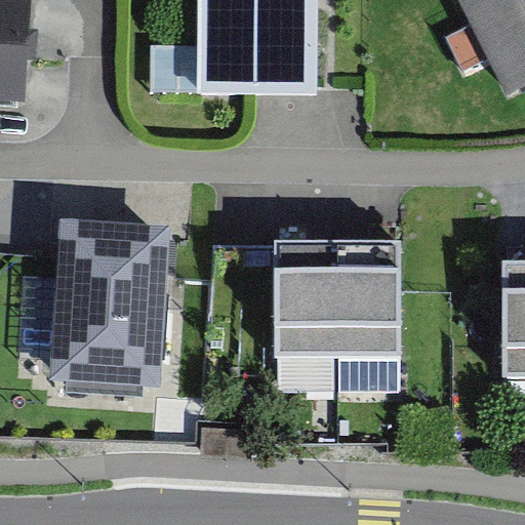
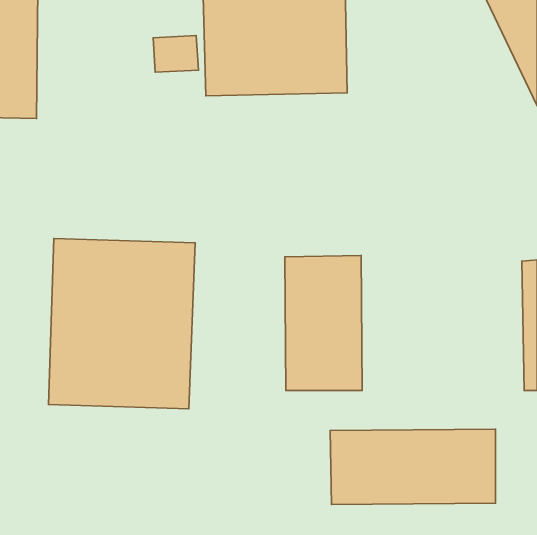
building: [344,242,411,371] -> none
building: none -> [330,429,495,504]

